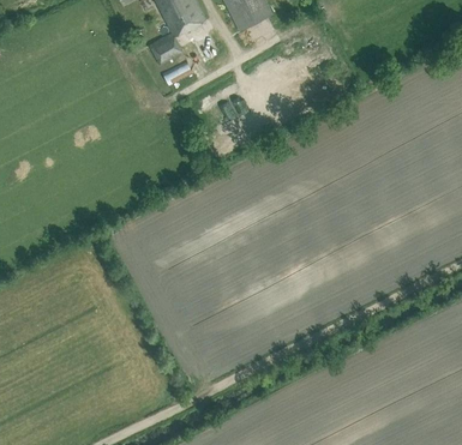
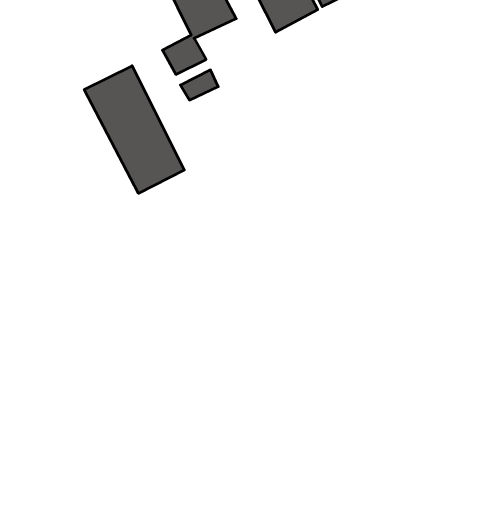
building: none -> [84,66,184,193]

